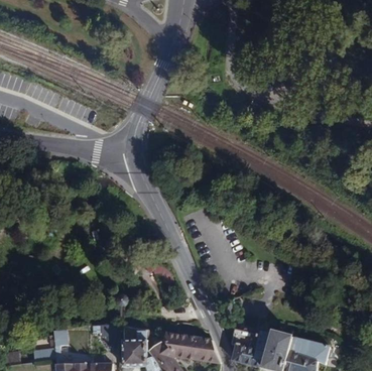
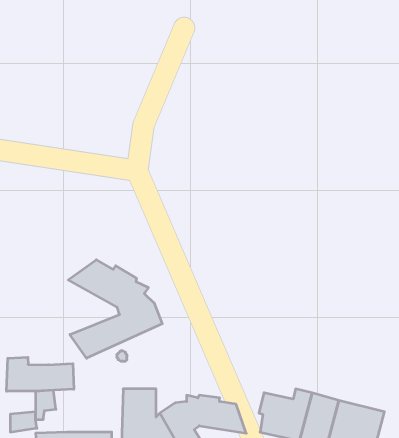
building: none -> [68,260,162,358]
building: none -> [7,357,74,391]

